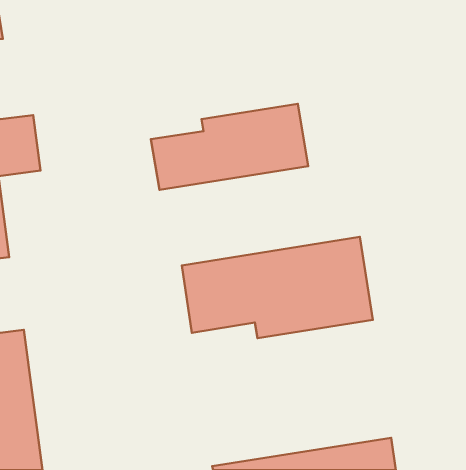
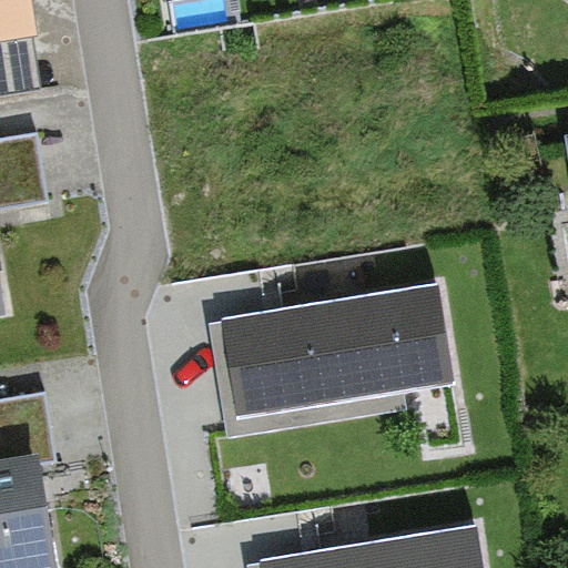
building: [151,104,308,190] -> none

